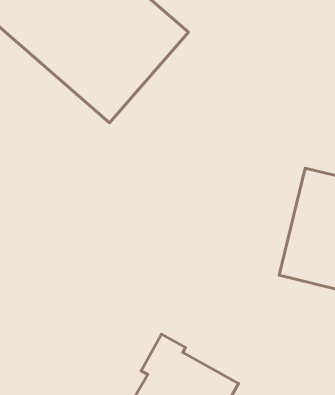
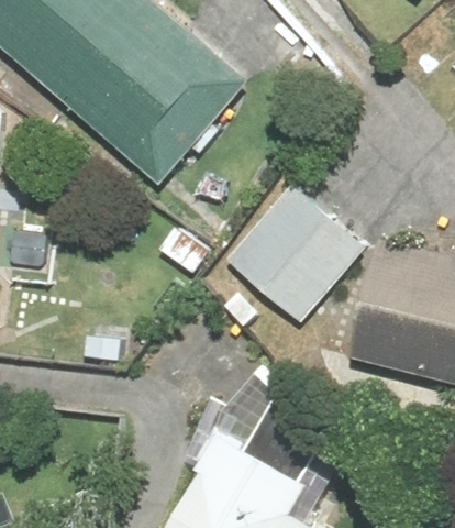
building: none -> [223,183,364,323]

